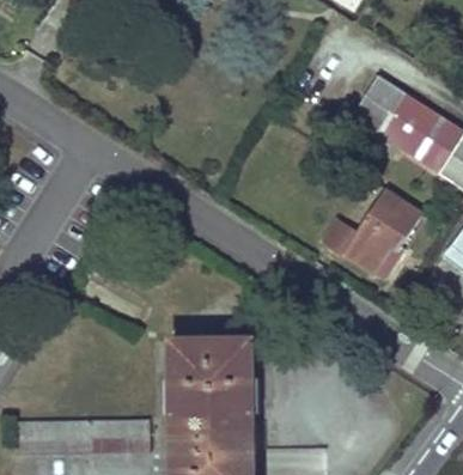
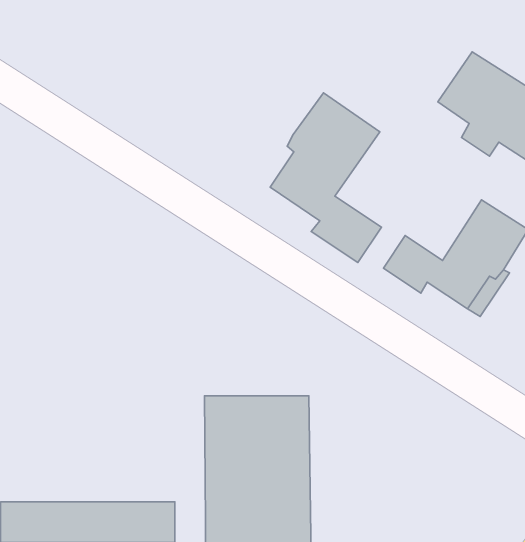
building: none -> [270,93,381,263]

